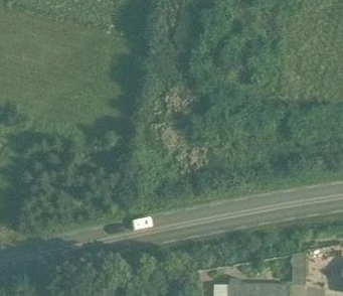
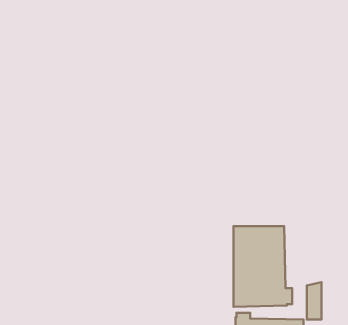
building: none -> [234,226,292,307]

